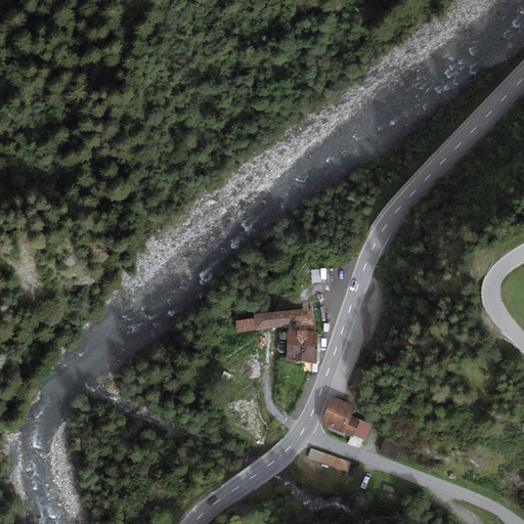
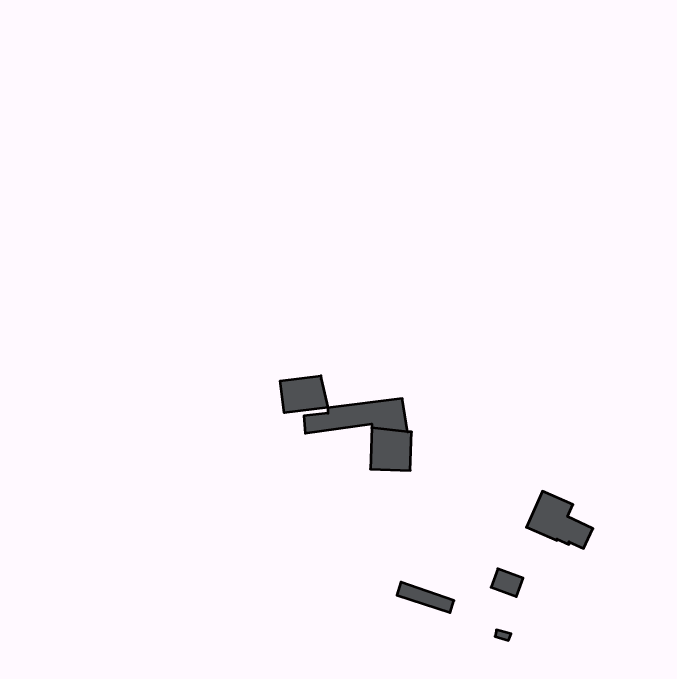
building: none -> [280,376,328,413]
building: [319,396,370,440] -> [526,491,593,548]

